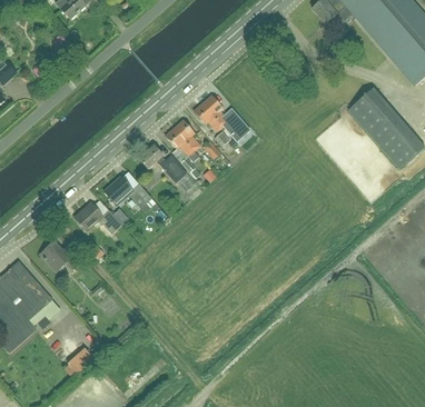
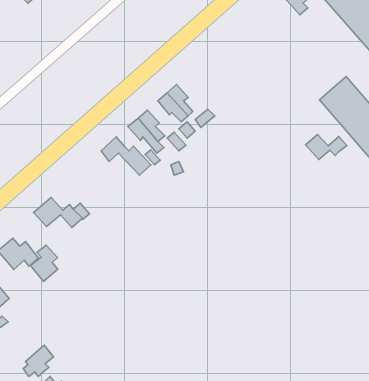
building: none -> [306,135,347,159]
building: [105,176,152,206] -> none
building: none -> [31,245,58,281]

